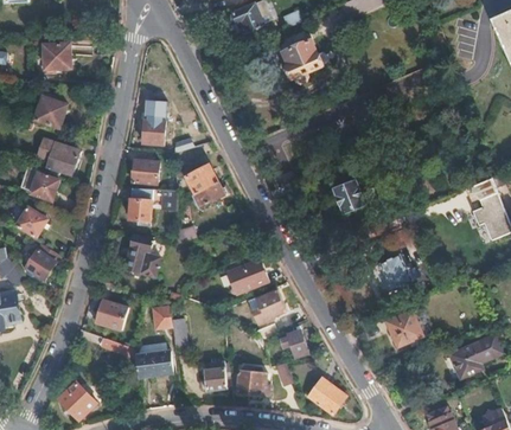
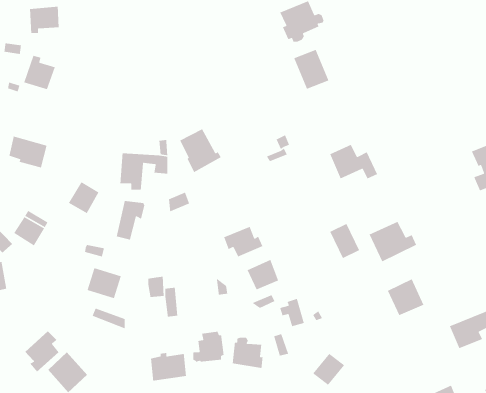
building: none -> [293,49,330,90]
building: [143,100,167,145] -> none
building: [46,142,77,174] -> none
building: [132,159,158,182] -> none
building: [18,204,49,236] -> [68,181,99,214]
building: none -> [329,223,360,259]
building: [138,349,173,378] -> [150,352,187,381]
building: none -> [24,330,59,372]

